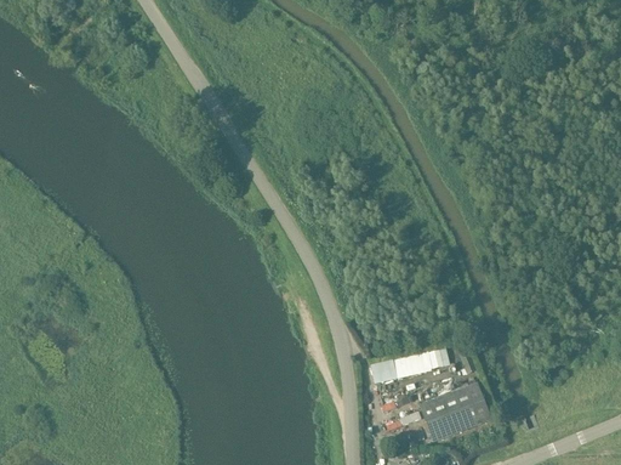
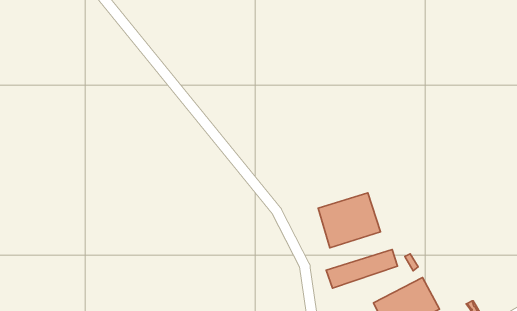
building: none -> [318,193,381,248]

